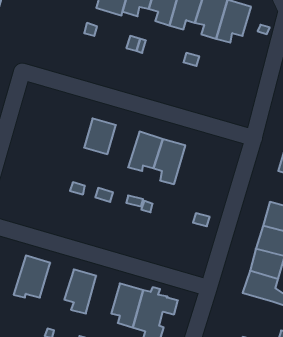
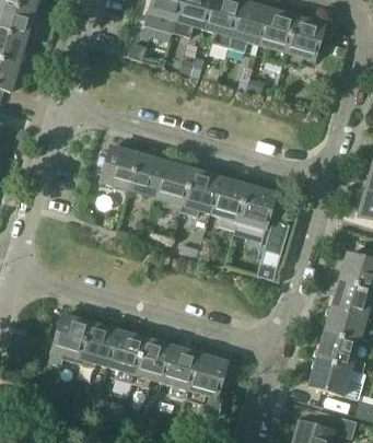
building: none -> [101,145,140,188]
building: none -> [158,162,195,211]
building: none -> [235,186,291,253]
building: none -> [79,323,118,369]
building: none -> [132,338,172,387]
building: none -> [307,358,349,395]

